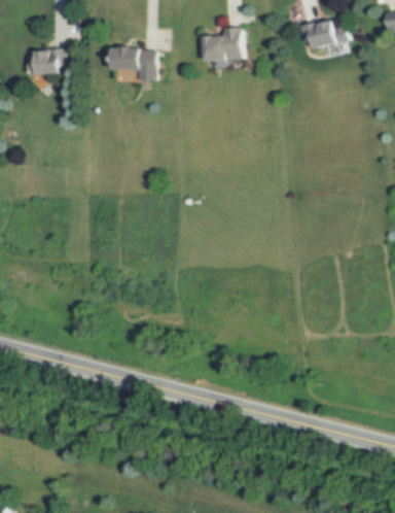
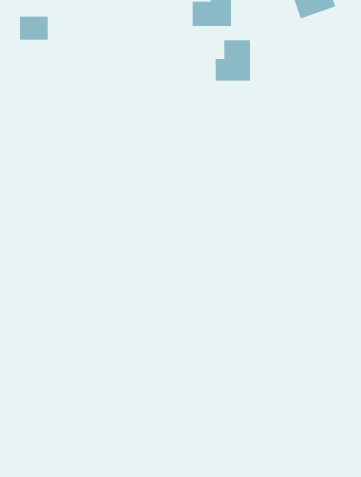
building: [110,47,157,80] -> none
building: none -> [215,40,250,81]

